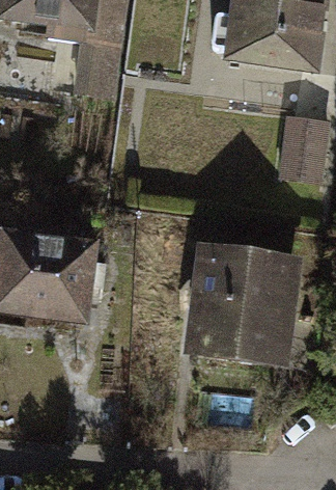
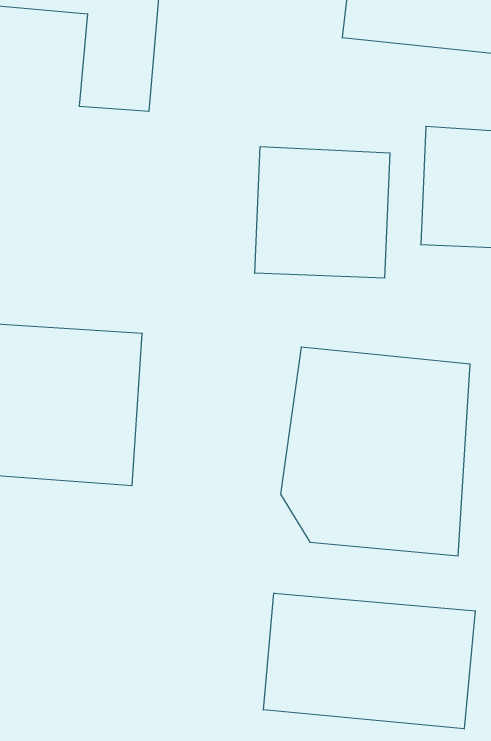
building: none -> [255,147,390,278]
building: none -> [263,593,475,729]

